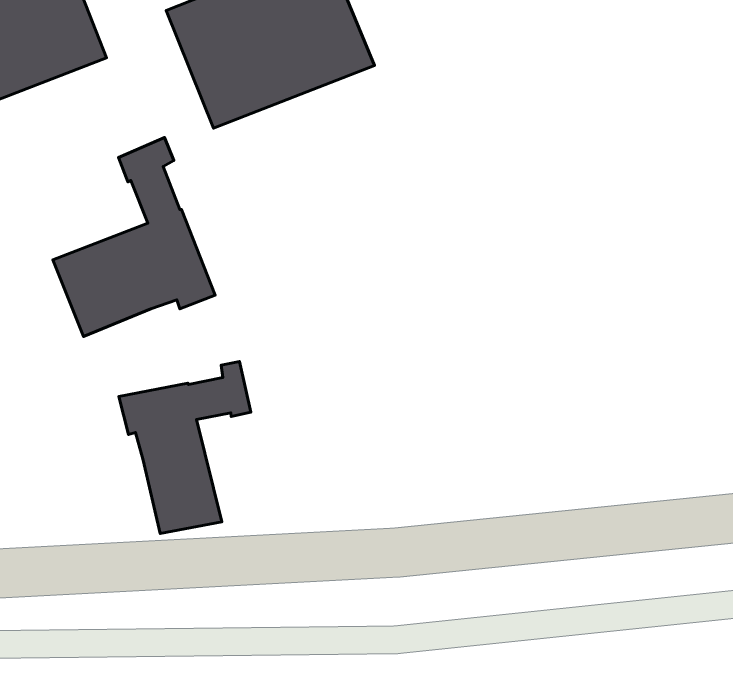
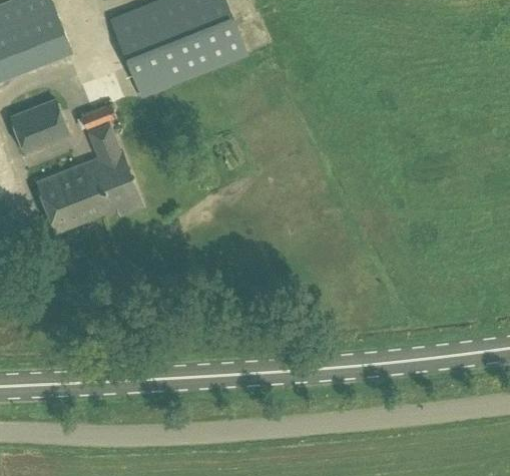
building: none -> [8,98,70,155]
building: [119,362,251,533] -> none

